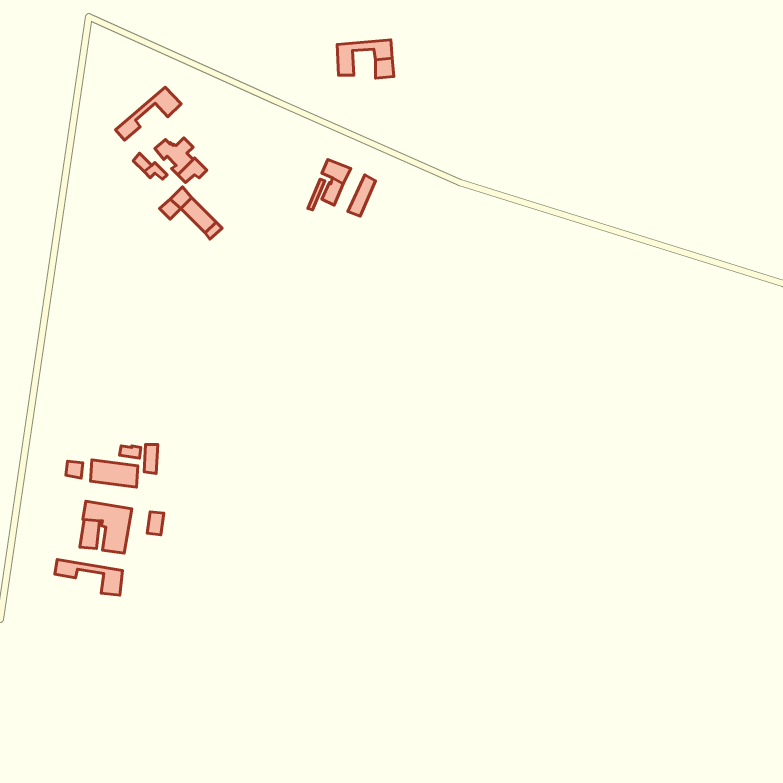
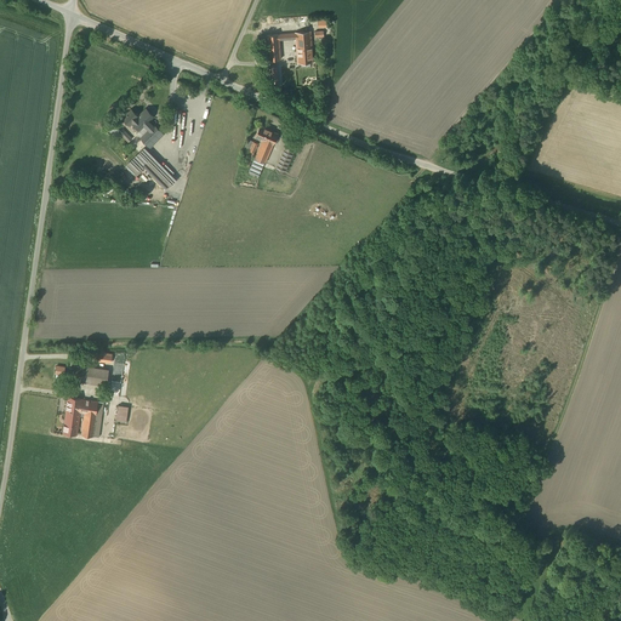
building: [116,87,181,140] -> none
building: [55,559,123,595] -> none

